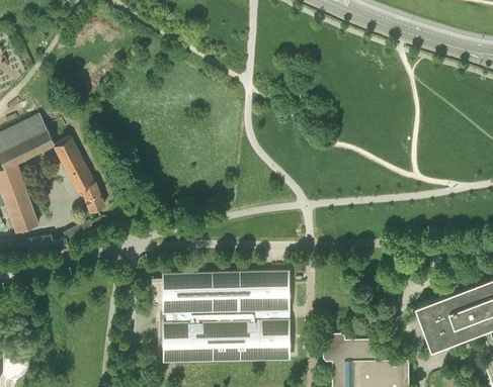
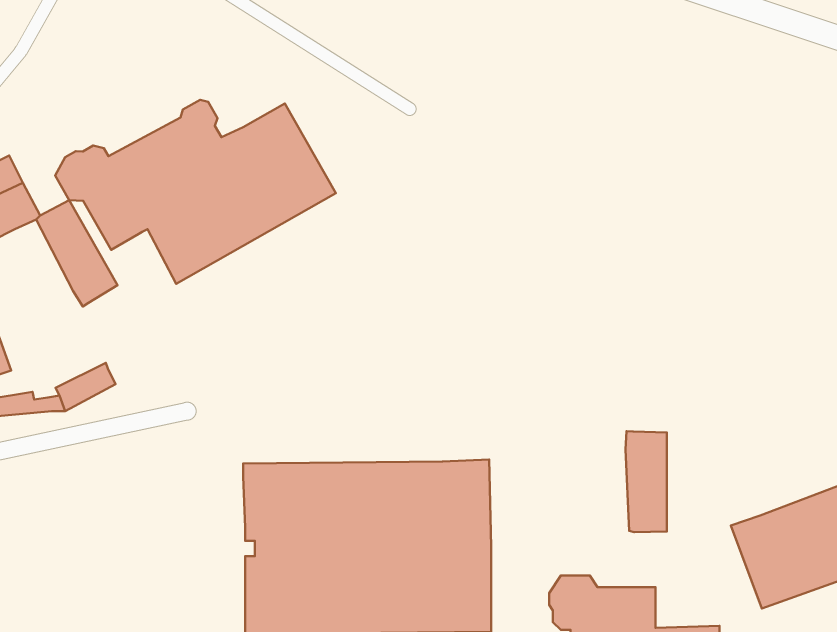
building: none -> [55,100,336,284]
building: [80,181,105,213] -> none
building: none -> [626,431,667,532]

